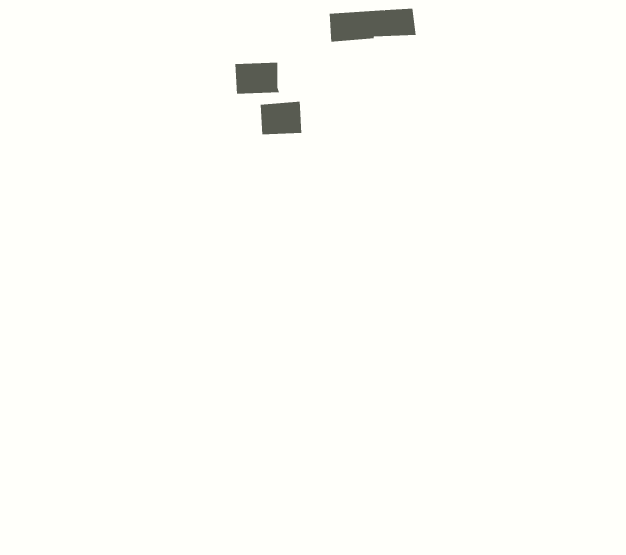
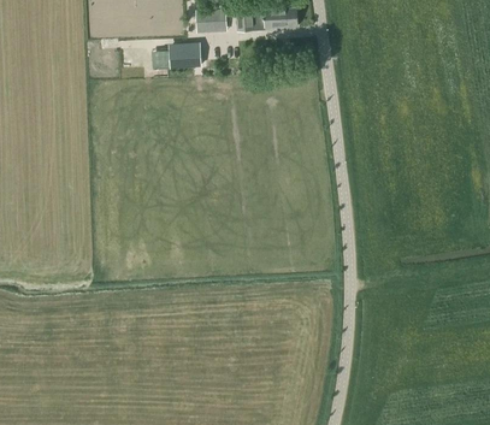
building: [260,101,302,135] -> [199,7,229,31]

